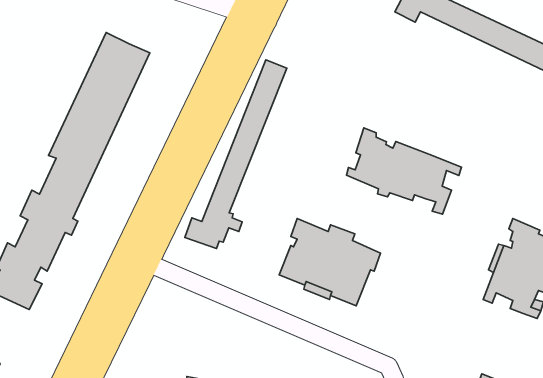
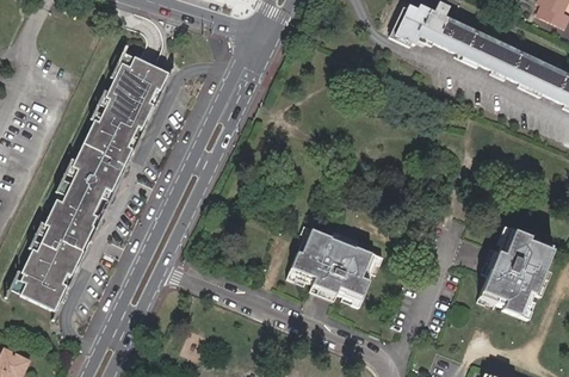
building: [185,60,287,249] -> none
building: [347,128,462,214] -> none

